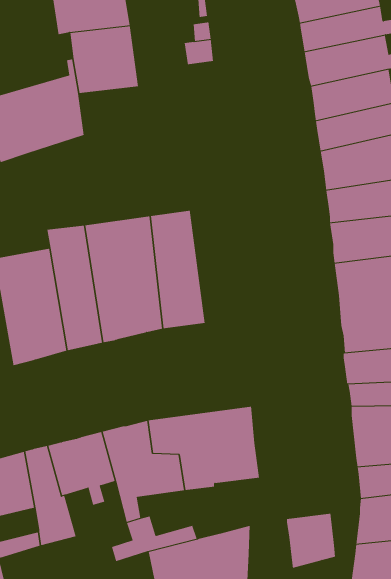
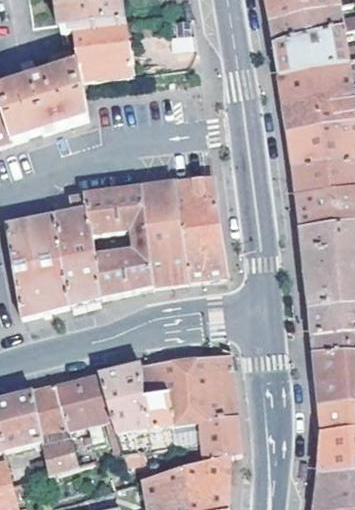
building: none -> [176,178,225,281]
building: [286,513,336,568] -> [197,415,240,463]

